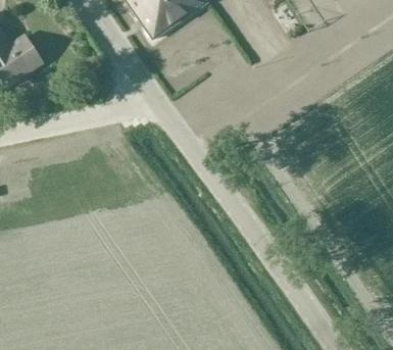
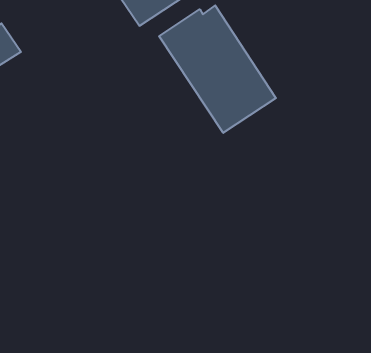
building: none -> [159,5,276,133]

